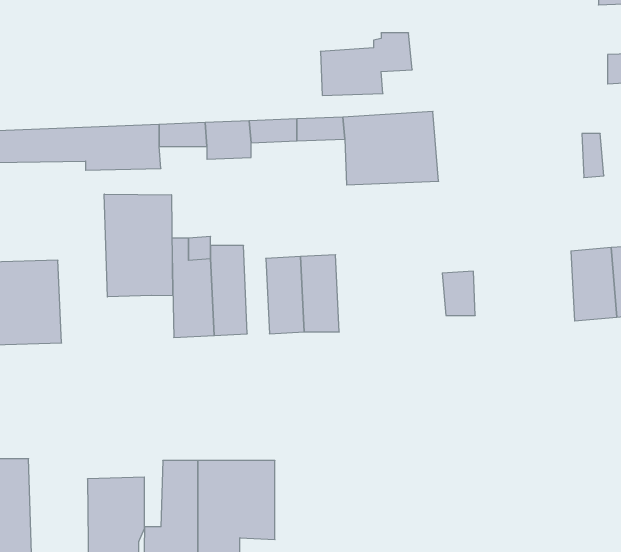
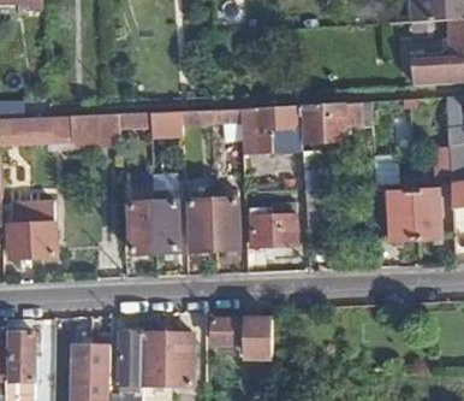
building: [320,33,412,95] -> [302,102,362,143]
building: [104,194,173,297] -> none
building: none -> [248,214,295,248]
building: none -> [214,318,274,356]

